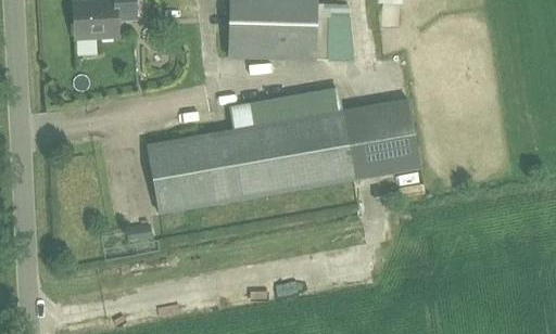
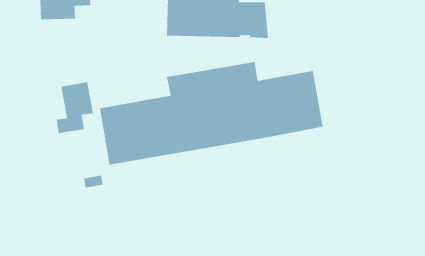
building: none -> [56,82,93,134]

